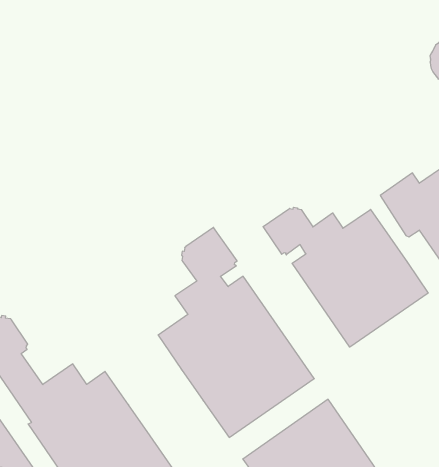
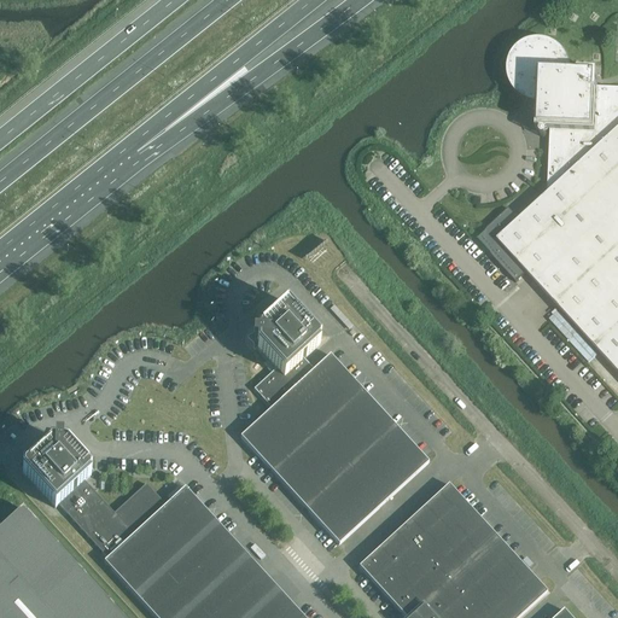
building: [263,207,428,347] -> none

